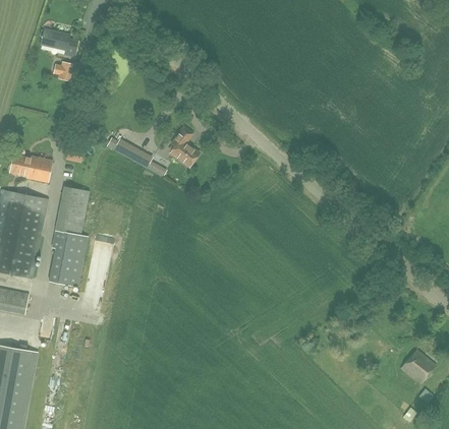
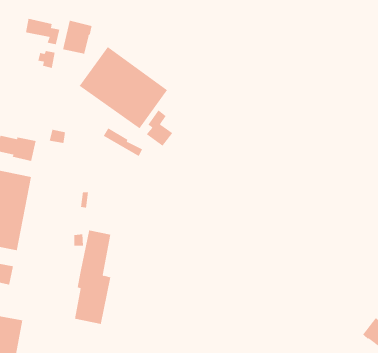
building: none -> [63,20,92,55]
building: none -> [79,46,168,129]
building: [48,184,88,286] -> [74,230,111,325]

